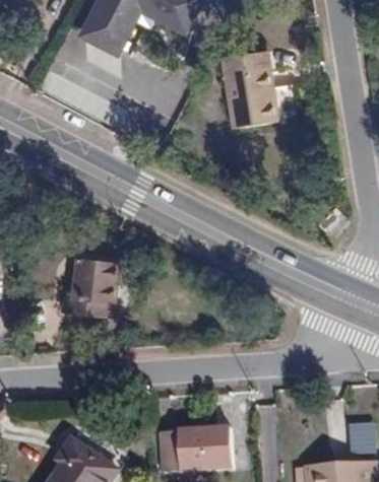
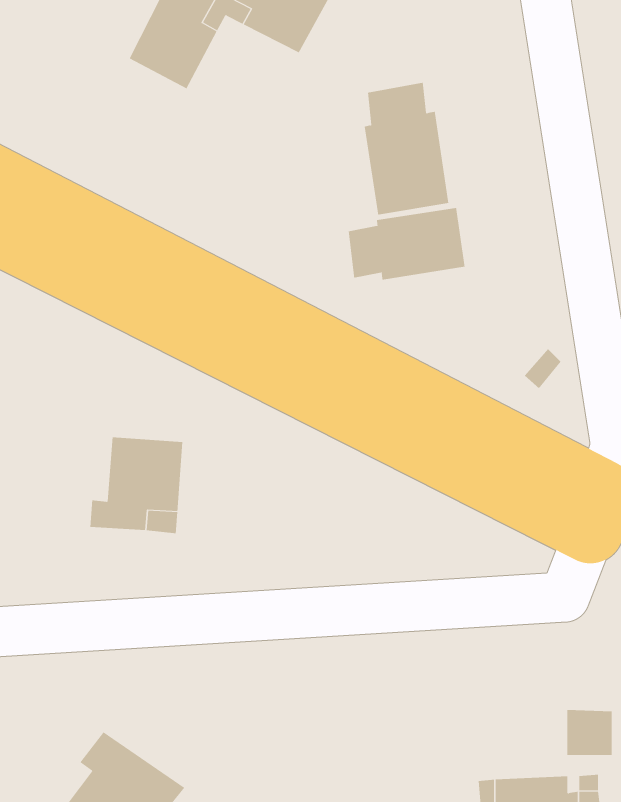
building: none -> [348,207,465,280]
building: [160,427,231,471] -> none

